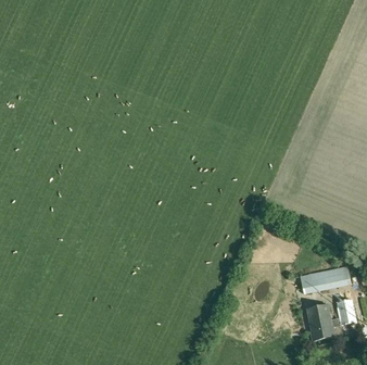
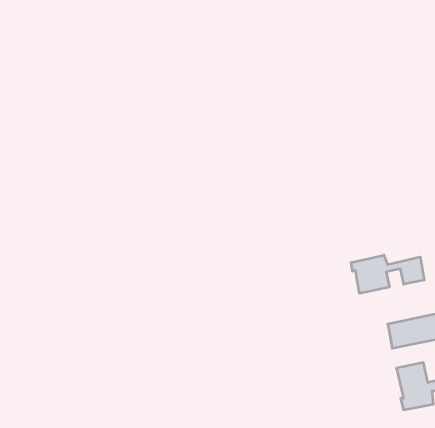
building: none -> [351,255,424,293]

